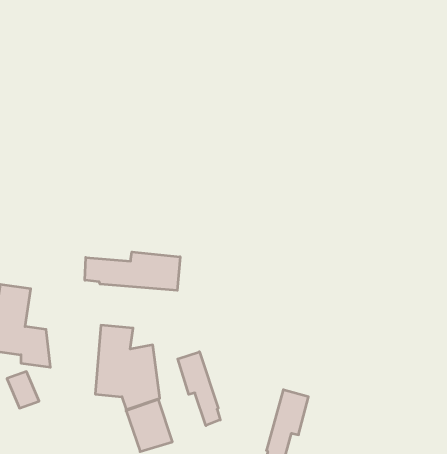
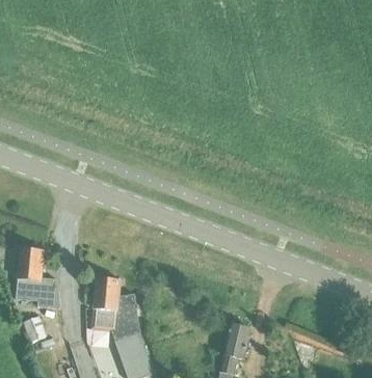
building: [85,252,180,290] -> none
building: [178,352,220,426] -> none

